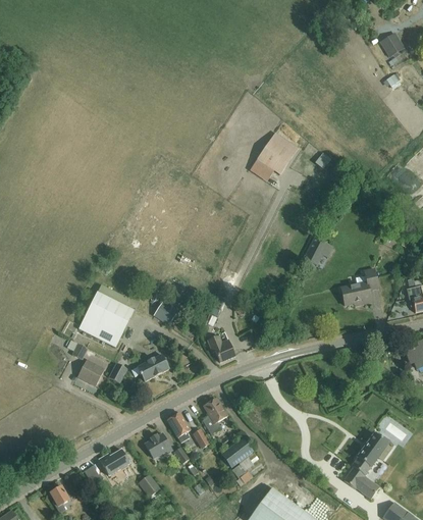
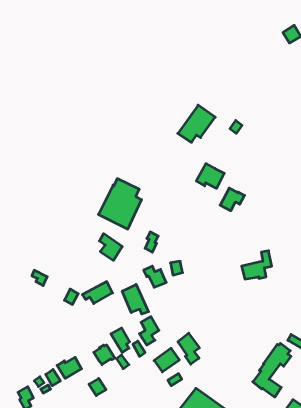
building: none -> [196,164,224,188]
building: [340,269,378,305] -> [242,251,272,279]
building: [77,284,131,348] -> [98,179,142,229]
building: none -> [122,284,149,314]
building: [77,360,104,386] -> none
building: none -> [178,333,199,364]

